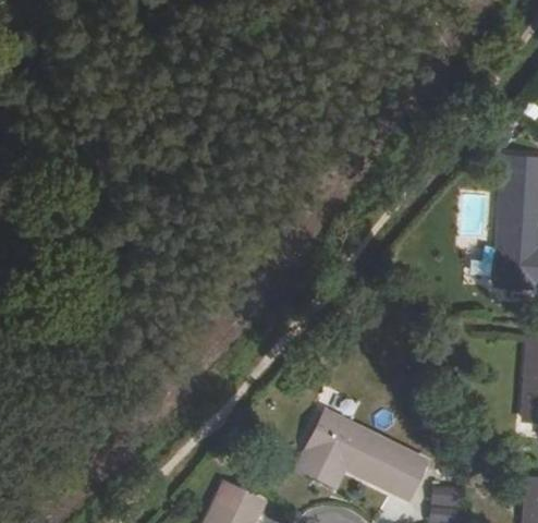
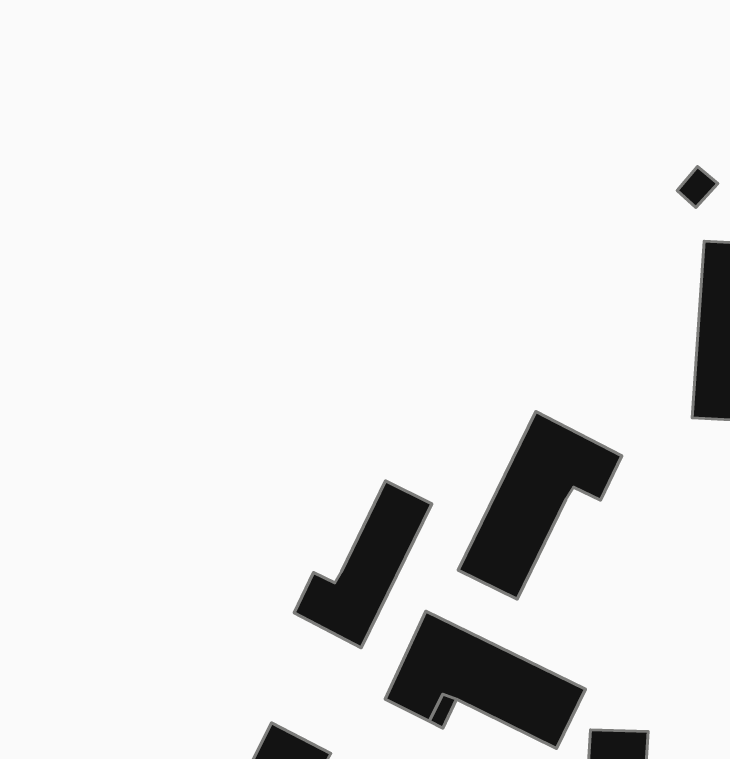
building: none -> [458,411,622,599]
building: none -> [294,481,432,648]

